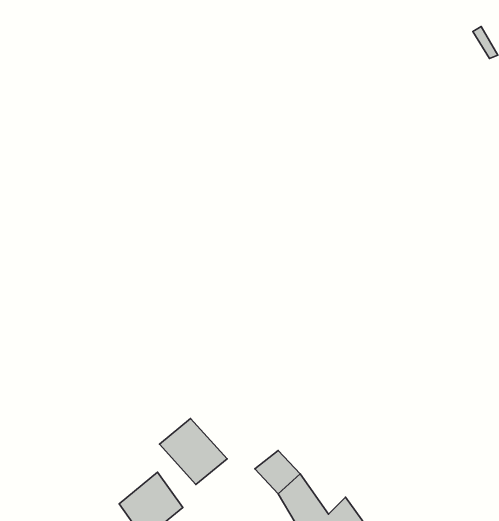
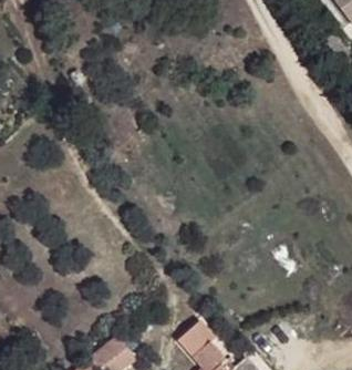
building: [160,419,227,484] -> none

